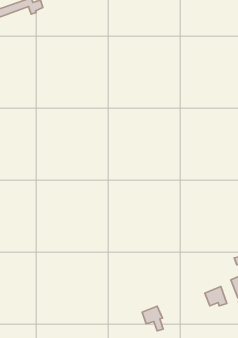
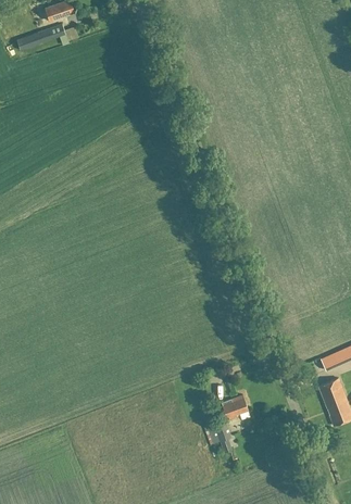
building: [205,287,227,306] -> [222,394,250,419]

